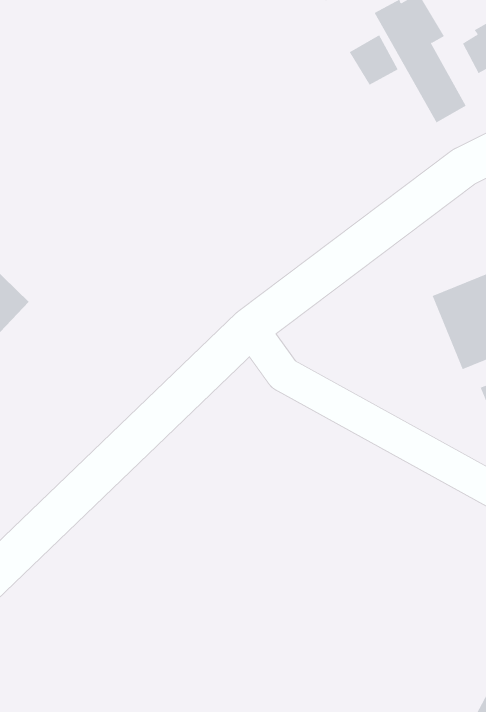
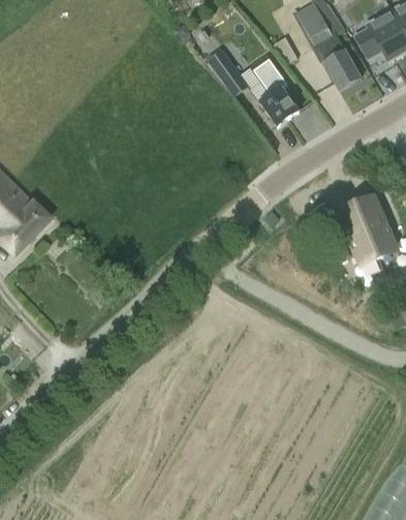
building: none -> [207,51,248,96]
building: none -> [254,60,298,127]

